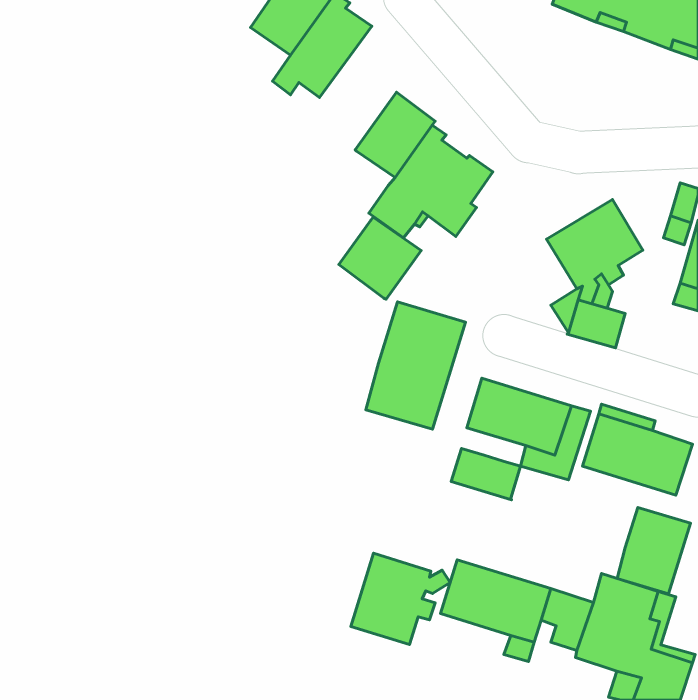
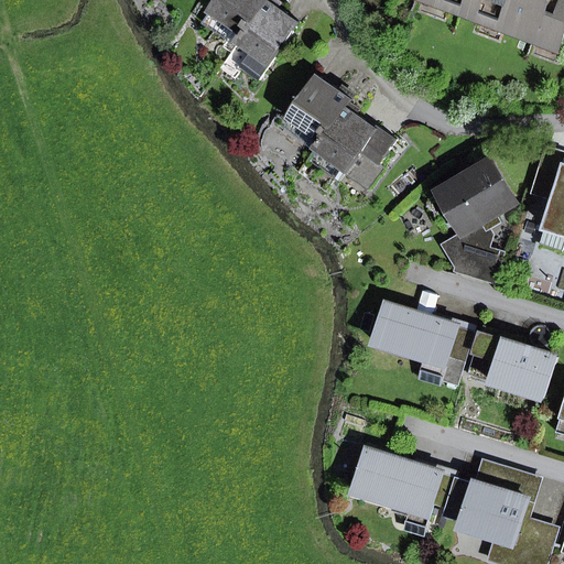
building: [339,217,421,299] -> none
building: [366,302,466,429] -> none
building: [451,448,520,500] -> none
building: [617,507,690,594] -> none
building: [351,553,450,644] -> none

